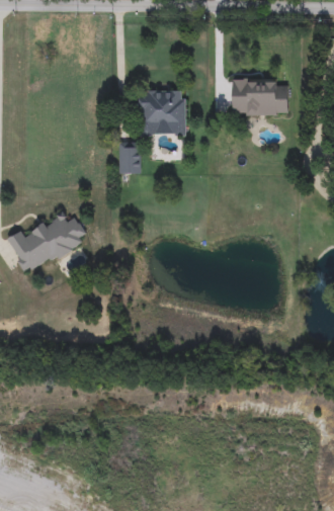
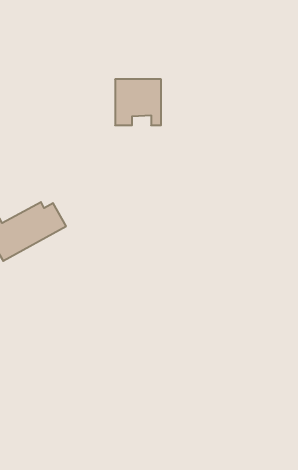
building: [232,79,287,115] -> none
building: [118,142,139,173] -> none

